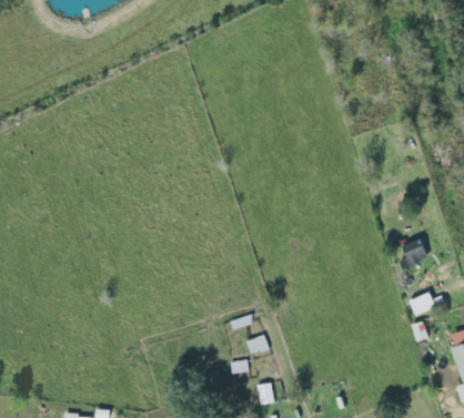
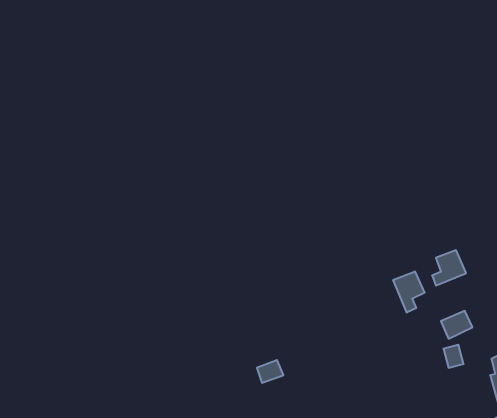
building: none -> [393,271,425,313]

